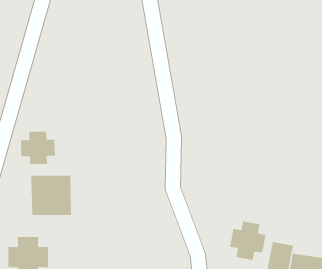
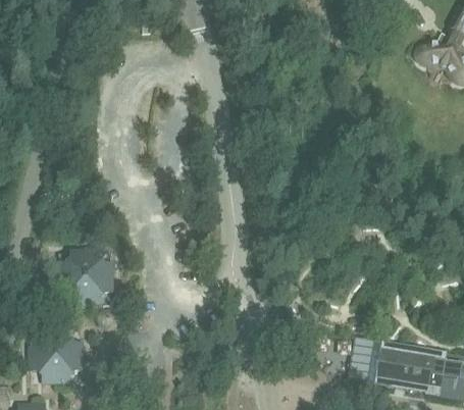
building: [21,131,55,165] -> none
building: [229,221,266,261] -> none

